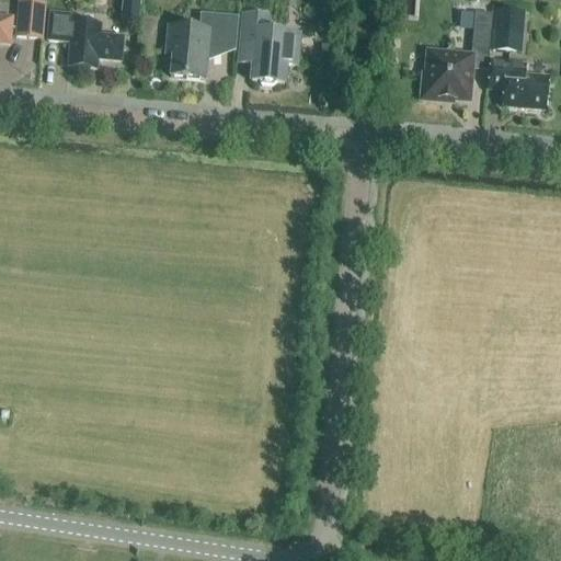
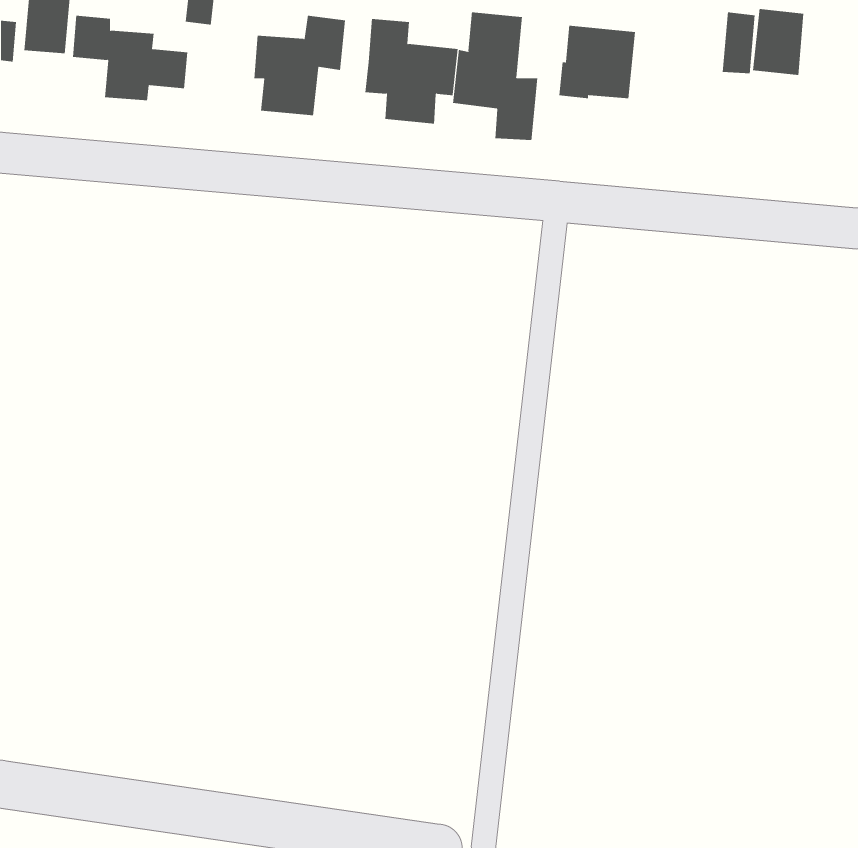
building: none -> [452,11,538,141]
building: [422,49,472,98] -> [559,25,636,99]
building: [488,55,548,107] -> none

